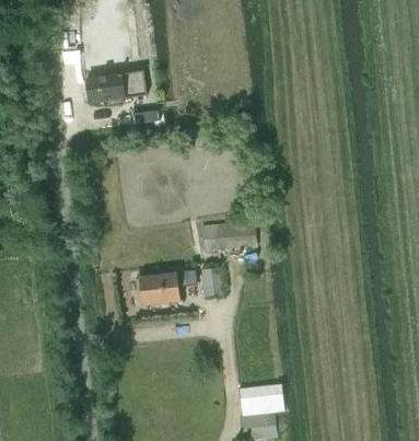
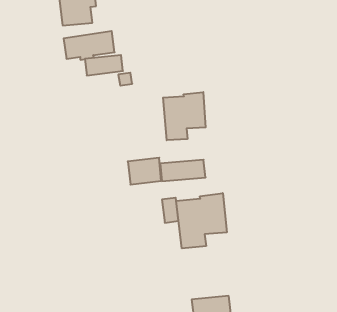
building: none -> [163,92,206,140]
building: none -> [176,193,227,248]
building: [139,272,178,304] -> [128,158,161,185]

